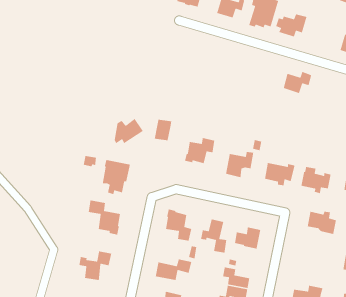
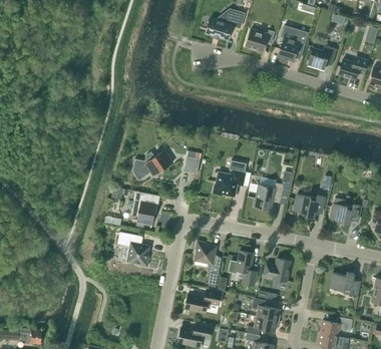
building: [282,71,312,94] -> [338,56,368,79]
building: [307,211,337,235] -> [330,272,360,296]
building: [79,250,112,281] -> none

